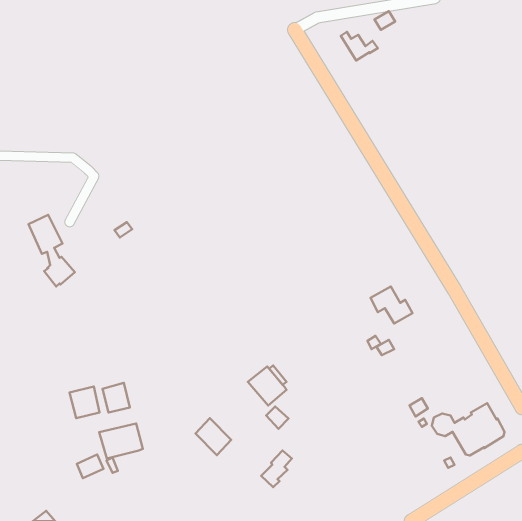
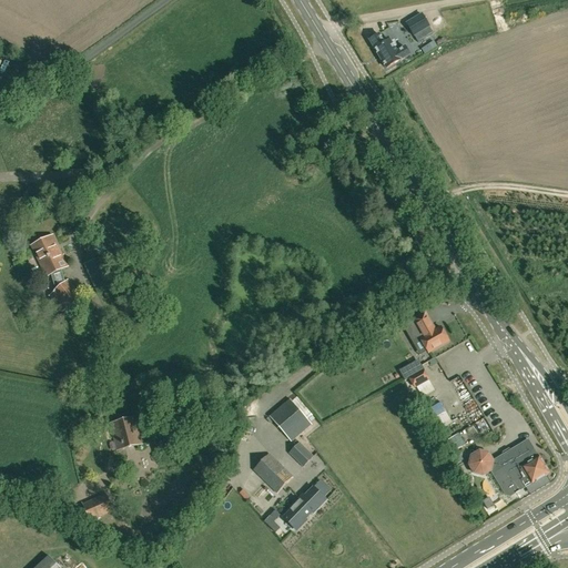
building: [70,386,100,418] -> none
building: [195,418,231,455] -> [253,452,292,491]
building: [99,423,143,459] -> none

